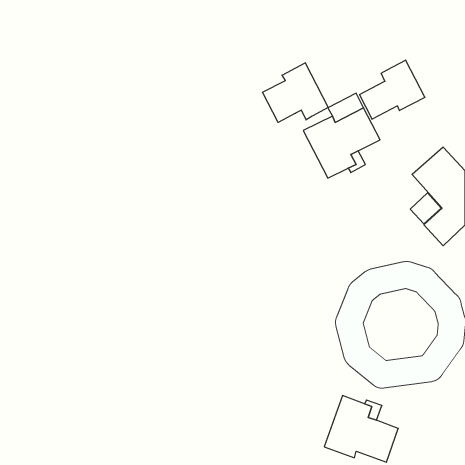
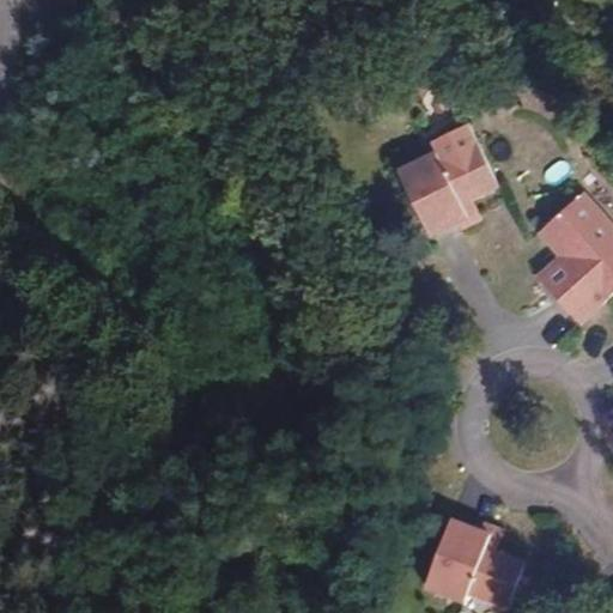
building: [360,60,425,119] -> none
building: [263,63,328,122] -> none

